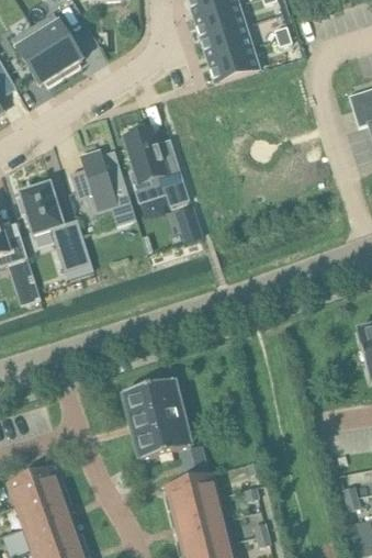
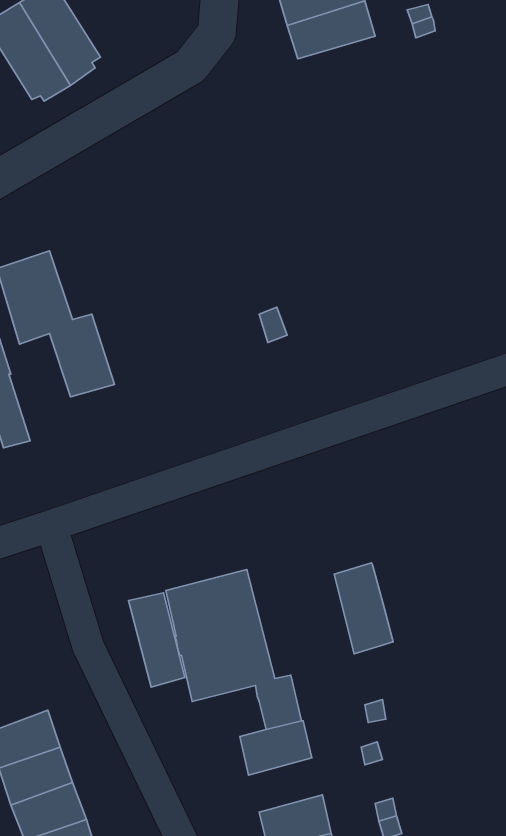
building: [205,45,261,83] -> none
building: [121,124,189,205] -> none
building: [69,148,135,225] -> none
building: none -> [334,563,393,654]
building: none -> [129,593,185,687]
building: [174,495,221,529] -> none

